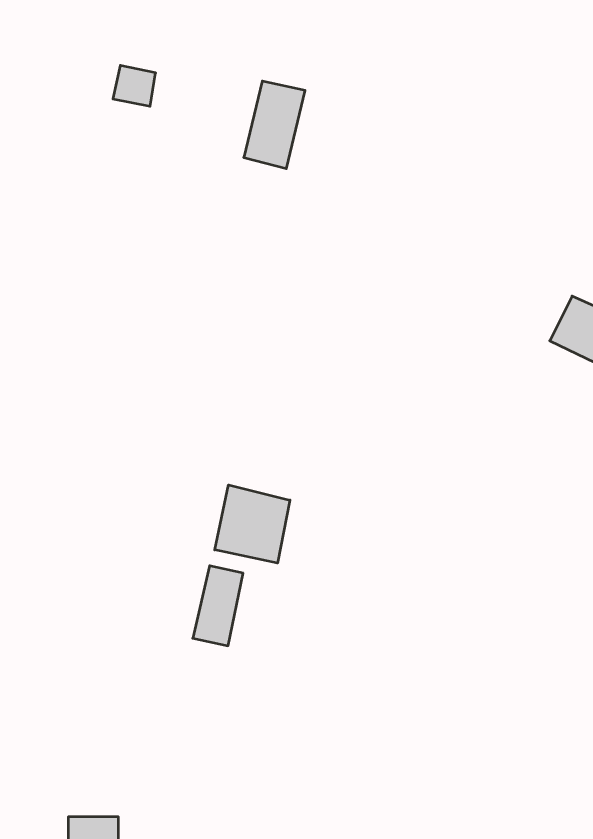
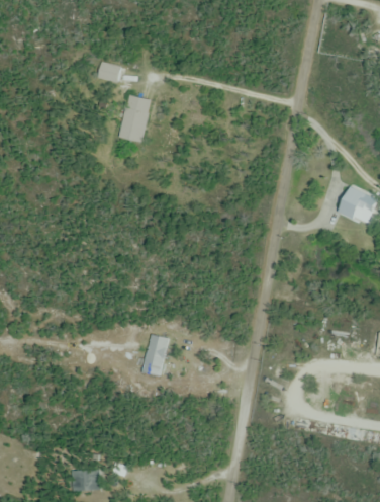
building: [244,81,305,169] -> [119,95,153,143]
building: [215,485,290,563] -> none

